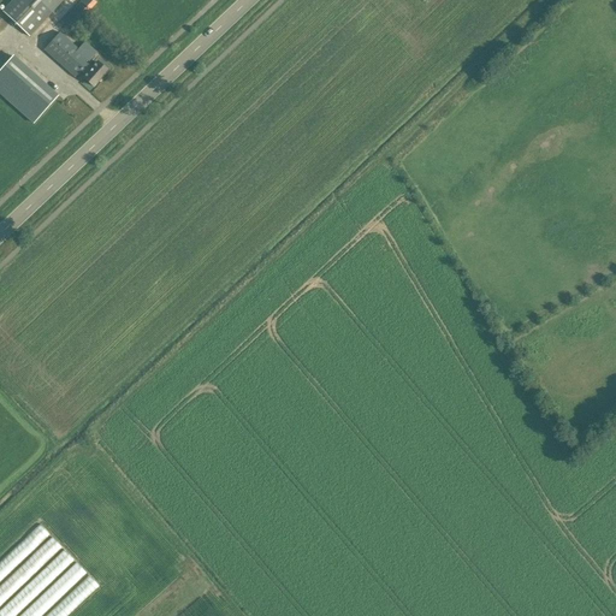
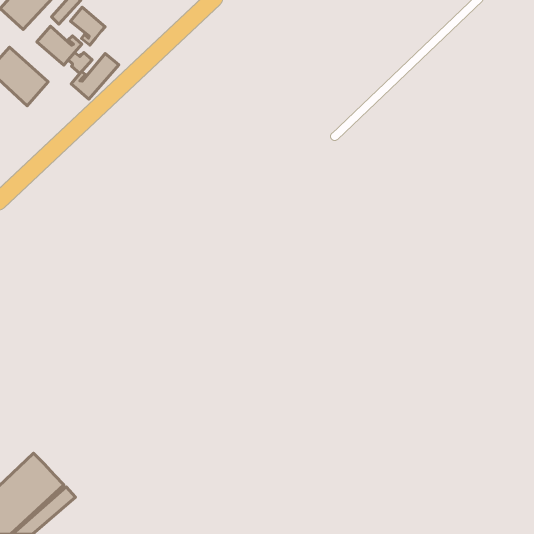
building: none -> [70,7,105,45]
building: none -> [71,53,119,99]

